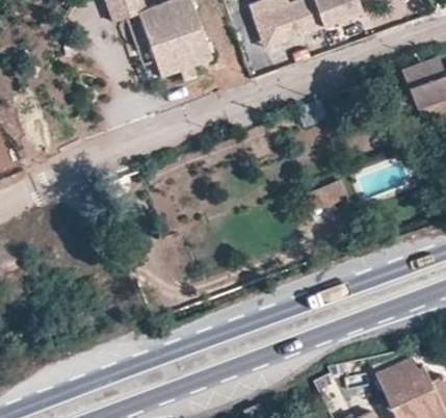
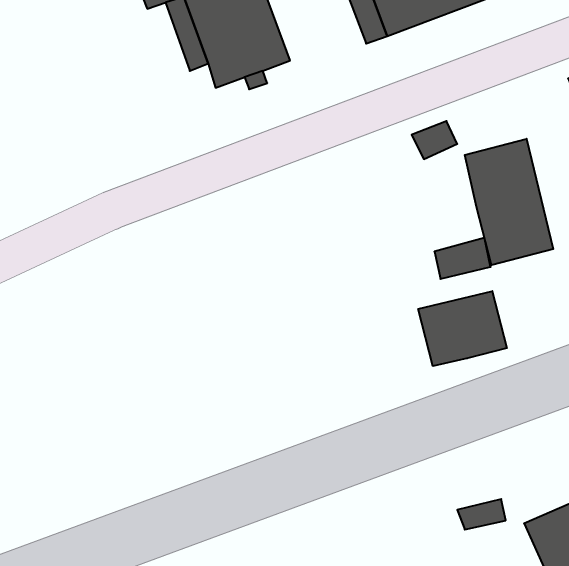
building: none -> [465,139,553,265]
building: none -> [418,291,507,366]

